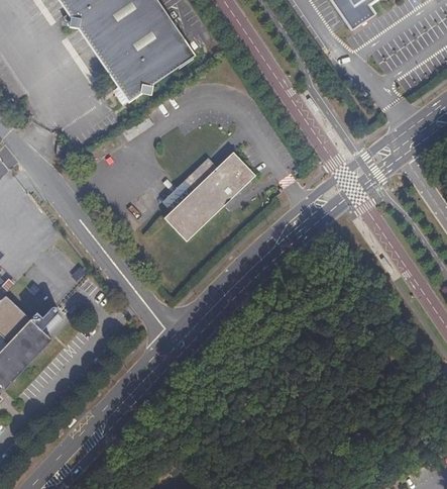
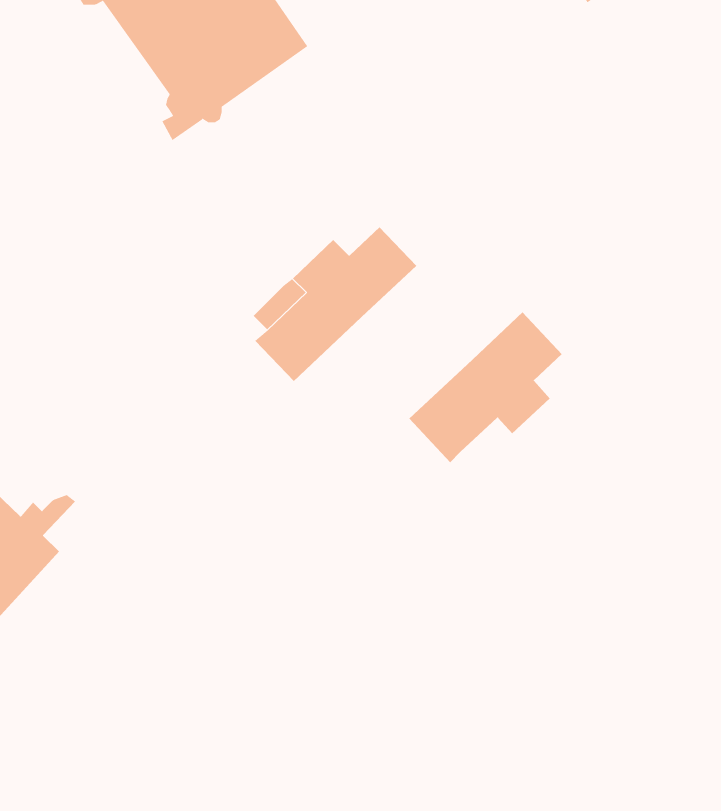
building: none -> [409,311,562,463]

